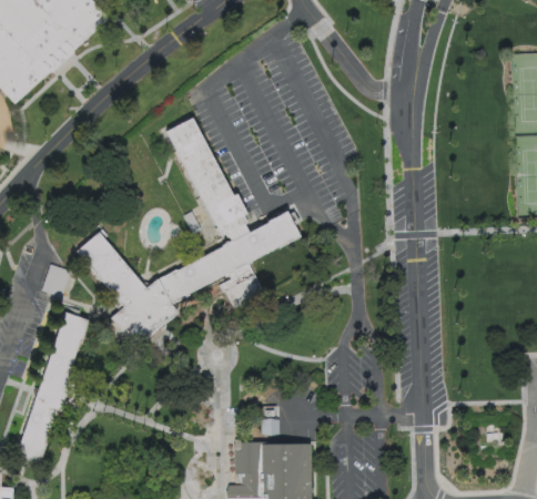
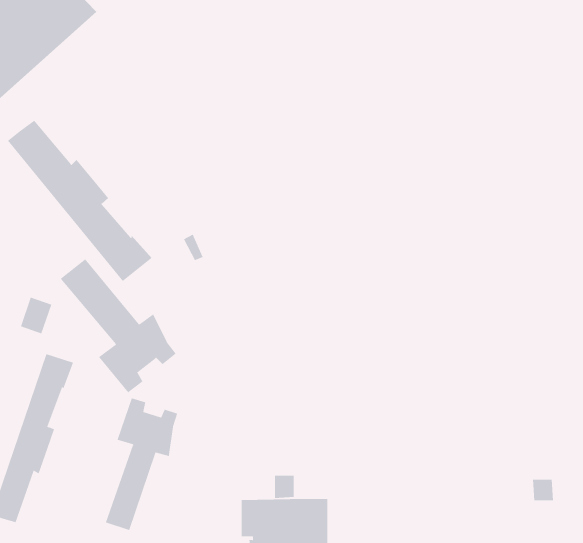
building: none -> [7,120,152,282]
building: [158,118,300,309] -> none
building: none -> [105,398,178,531]

